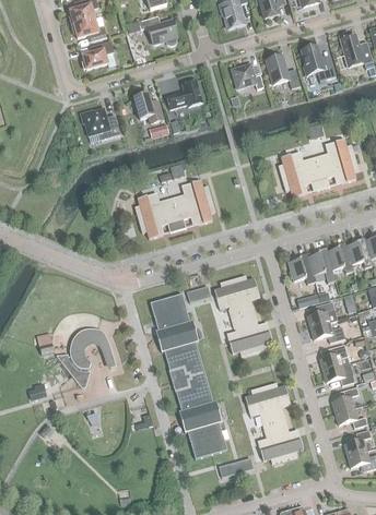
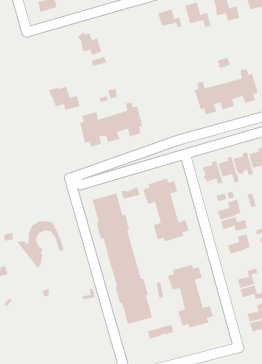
building: [165,79,202,108] -> none
building: [80,107,120,139] -> [48,86,81,111]
building: [322,361,354,384] -> none

